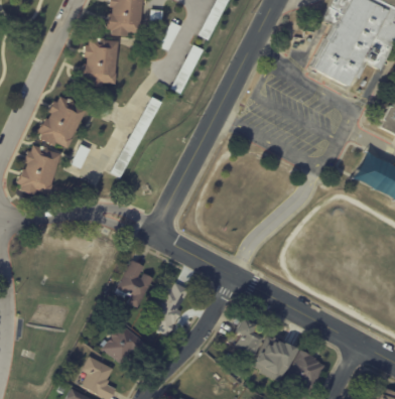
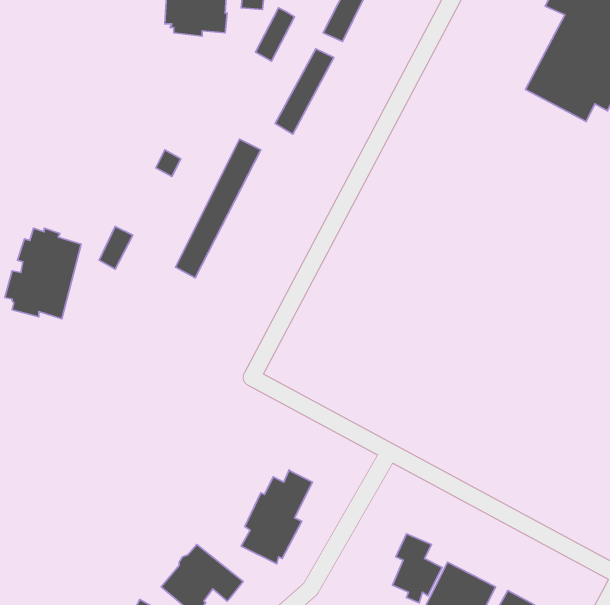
building: [83,37,119,88] -> none
building: [37,97,86,149] -> none
building: [117,261,155,308] -> none

